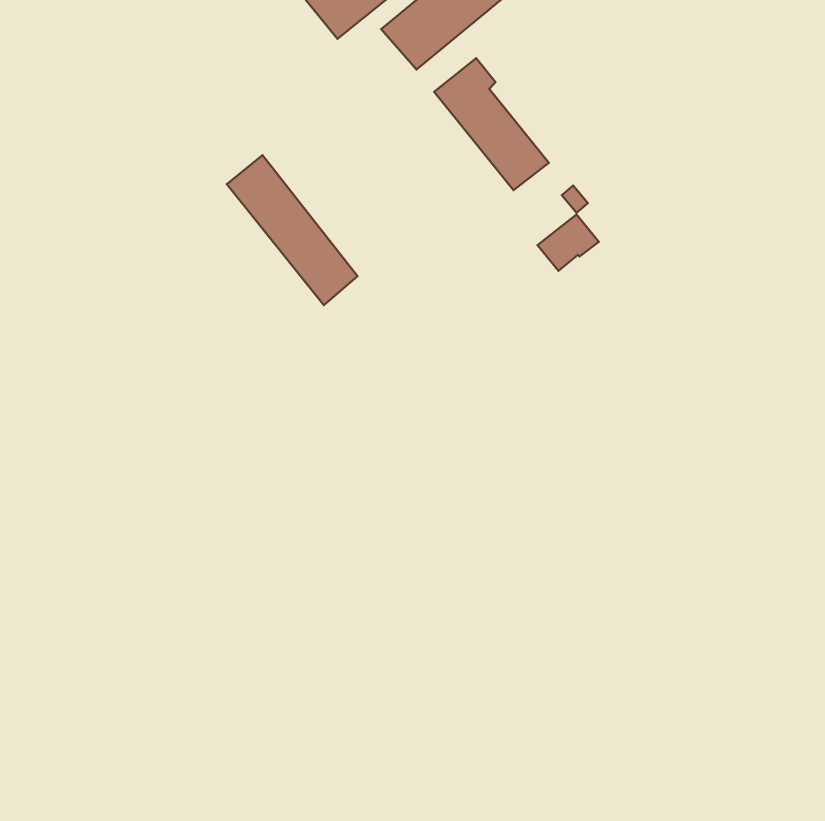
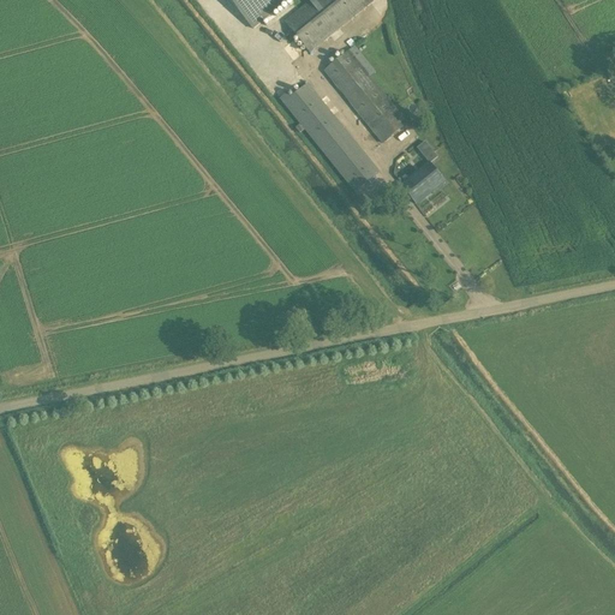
building: [227,155,358,305] -> [282,80,380,192]

